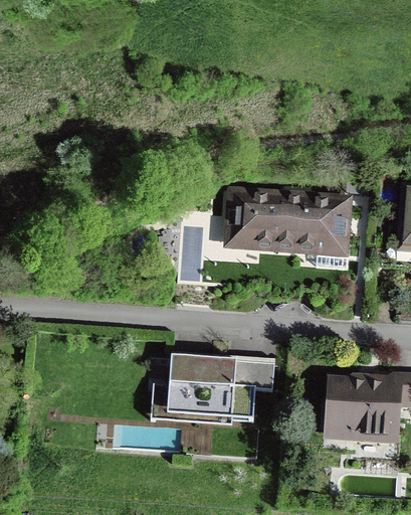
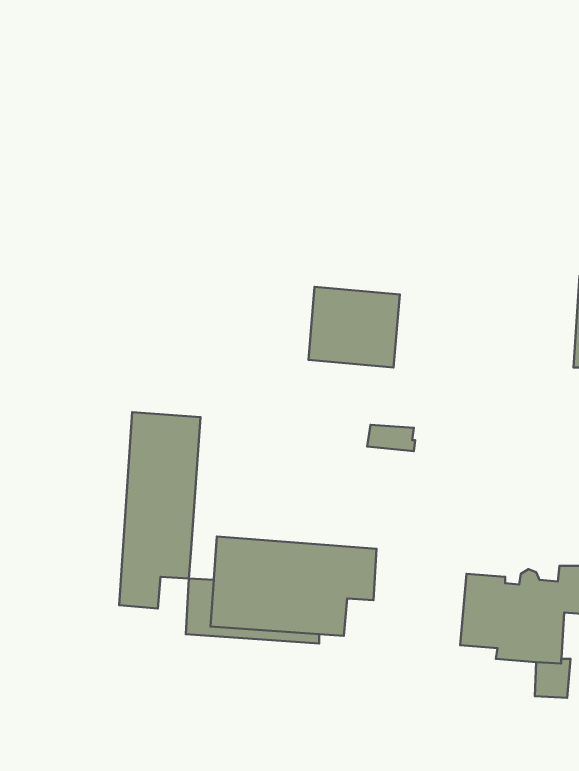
building: [285,195,349,264] -> none
building: none -> [119,412,201,609]

